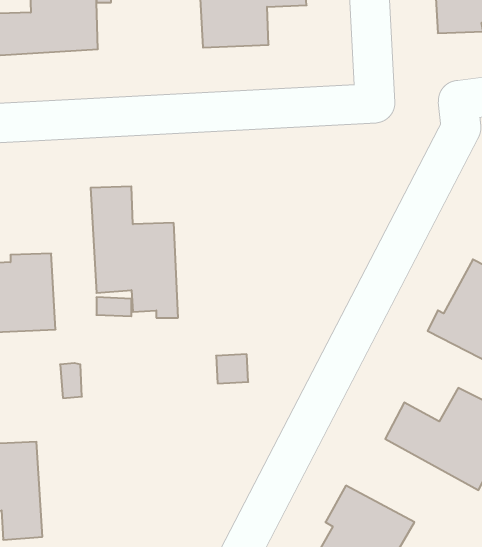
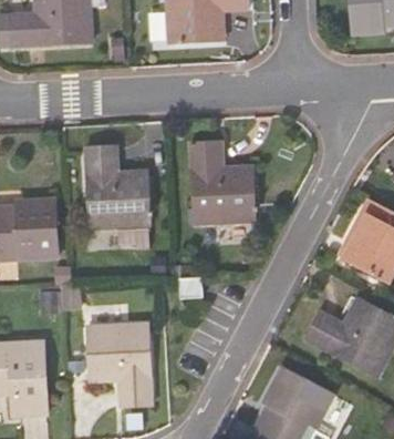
building: none -> [188,142,253,224]
building: none -> [87,323,153,406]

